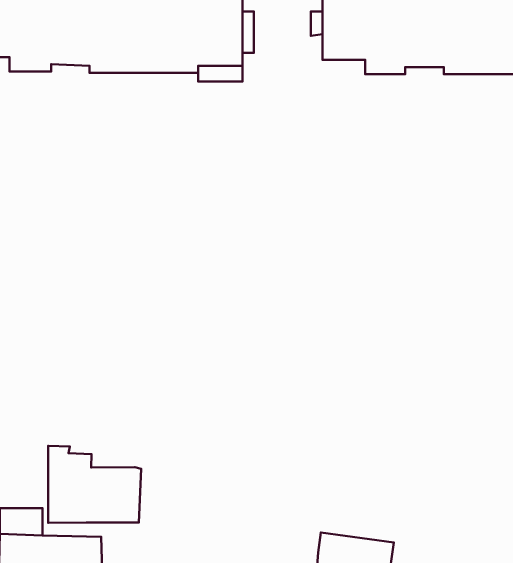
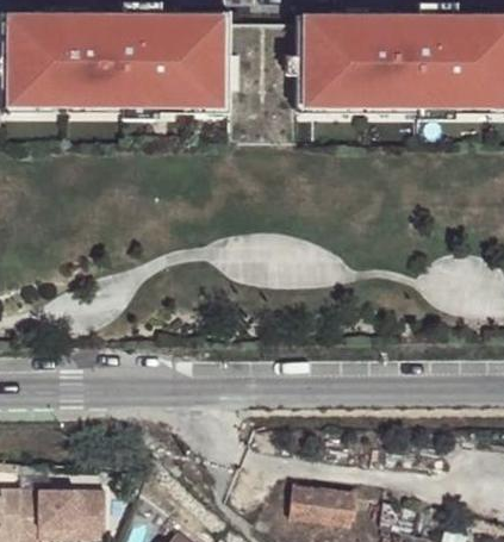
building: [48,446,141,523] -> none

